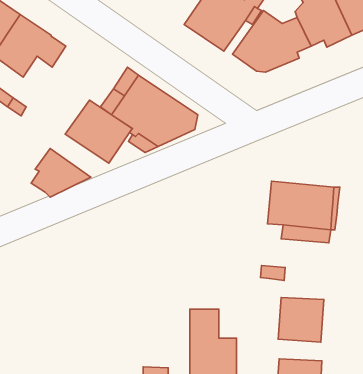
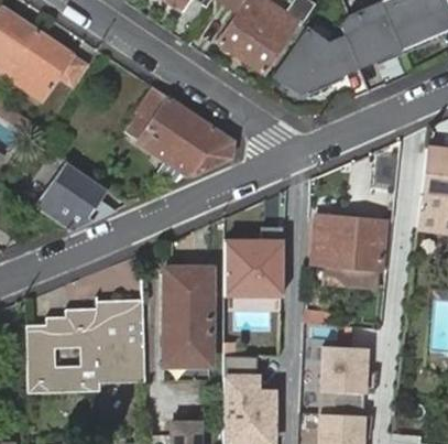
building: [65,100,132,163] -> none
building: none -> [226,239,283,295]
building: none -> [163,267,211,360]
building: none -> [25,299,144,392]

